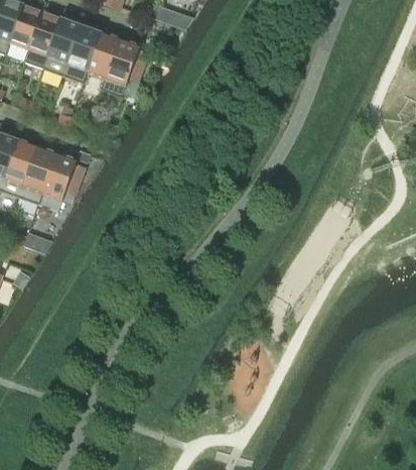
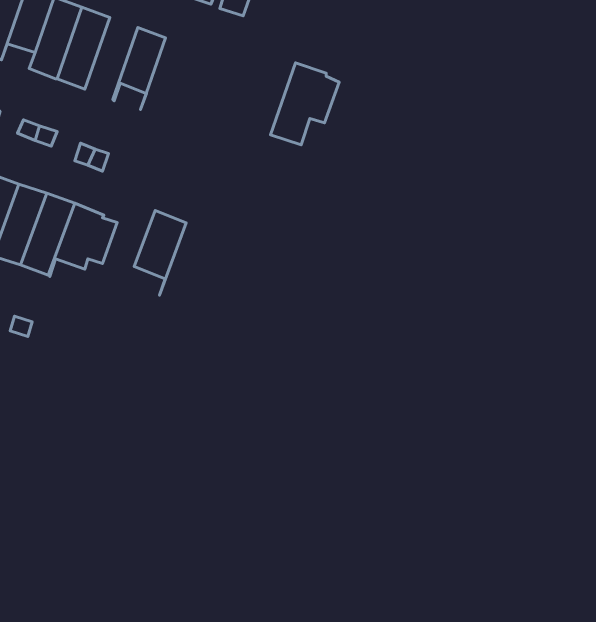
building: [62,24,99,81] -> none
building: [101,38,148,95] -> [270,63,339,145]
building: none -> [134,211,186,295]

